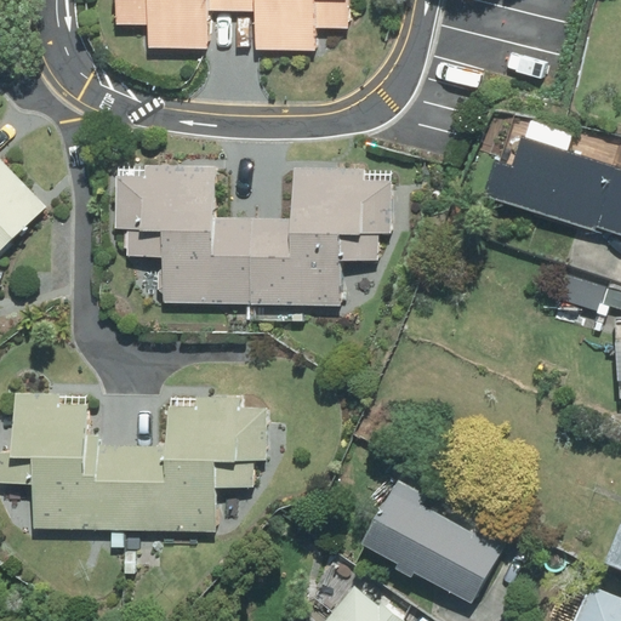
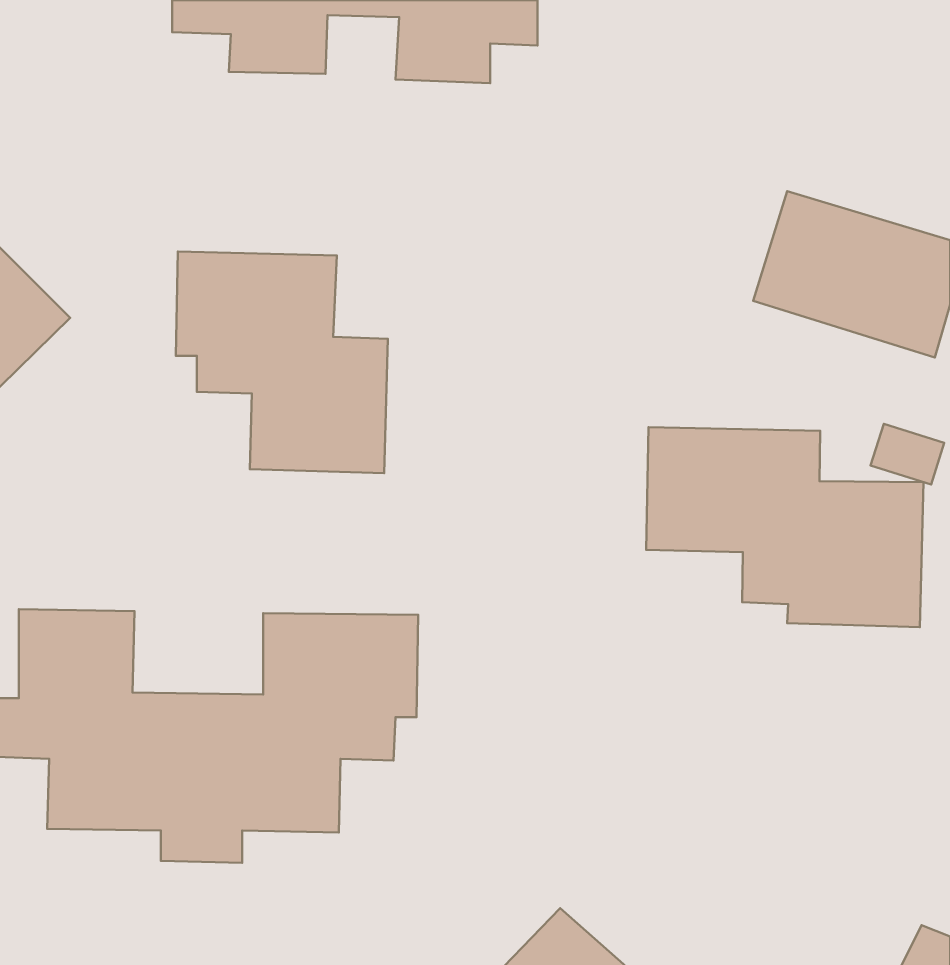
building: [246,169,387,307] -> none
building: none -> [646,427,923,627]
building: [366,490,505,603] -> none

